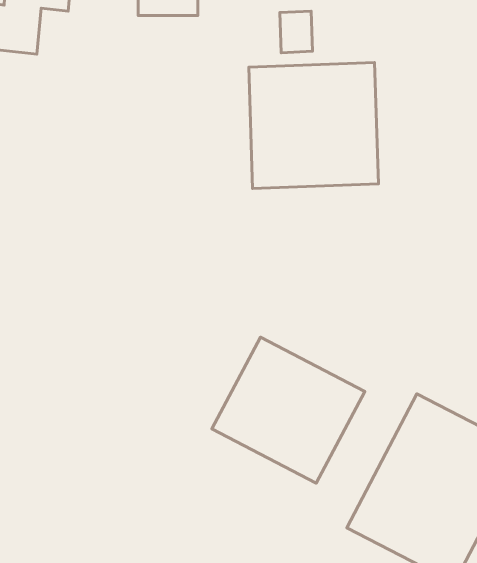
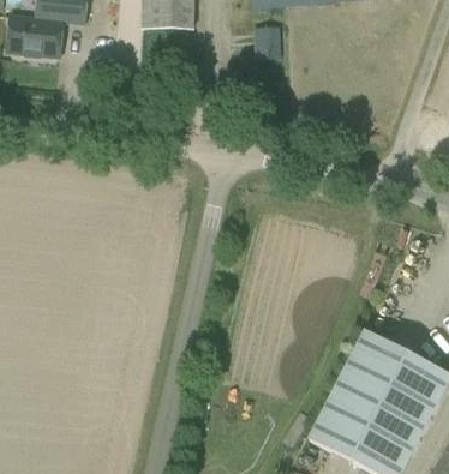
building: [249,63,378,188] -> none
building: [212,337,365,483] -> none

